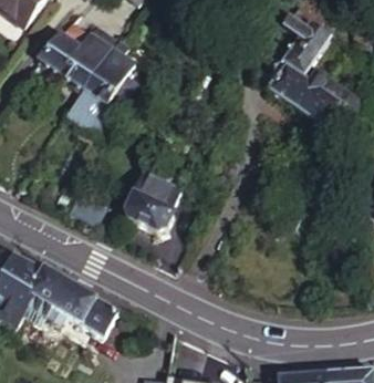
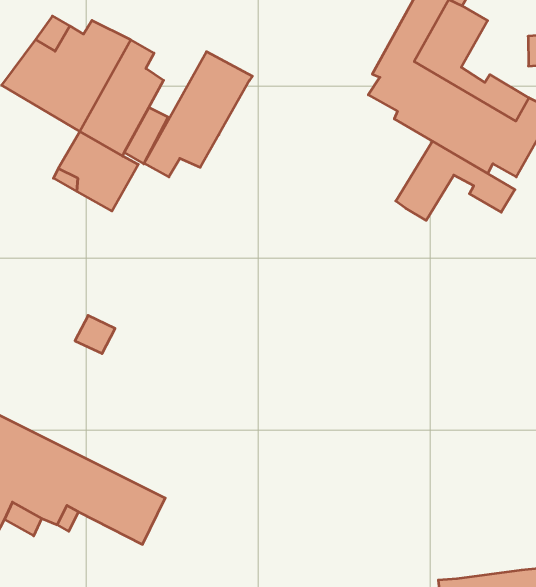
building: none -> [144,52,252,177]
building: none -> [396,141,515,220]
building: [124,175,180,244] -> none

